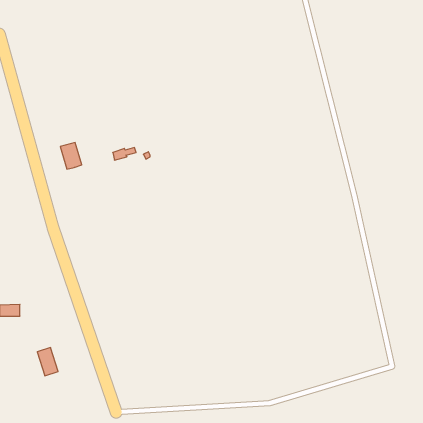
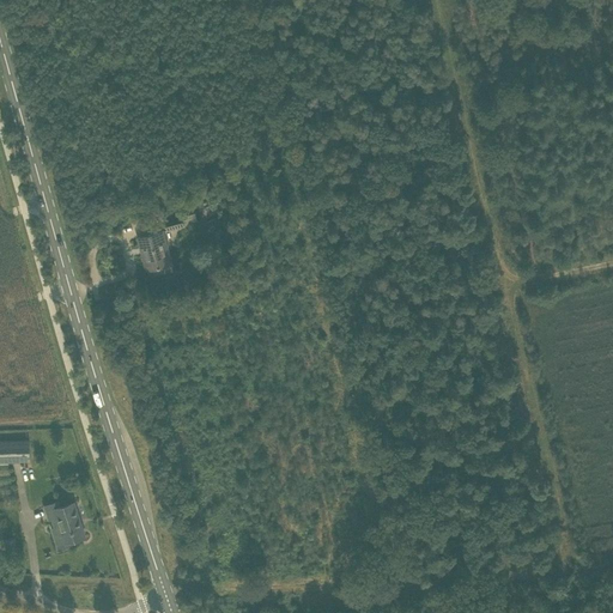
building: [60,143,82,169] -> [136,232,168,271]

